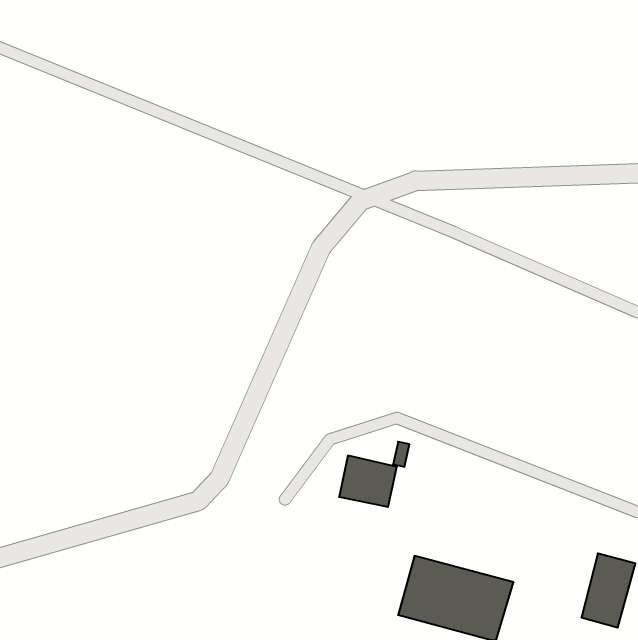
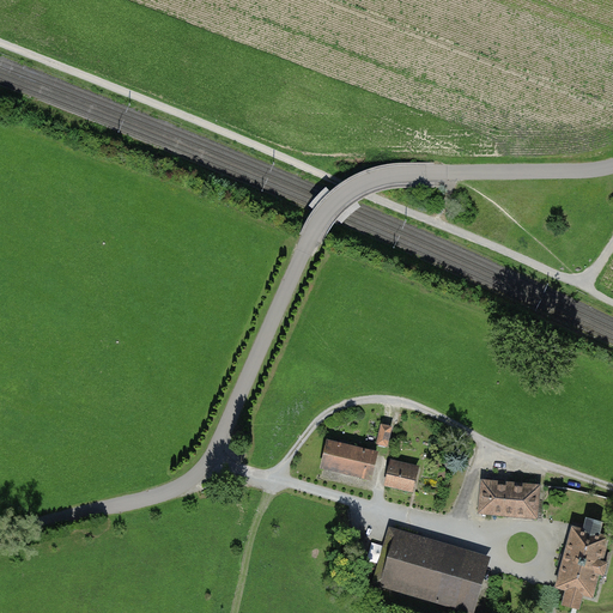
building: none -> [386,463,424,494]
building: none -> [482,479,539,517]

